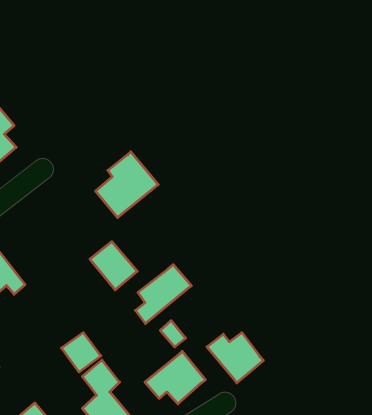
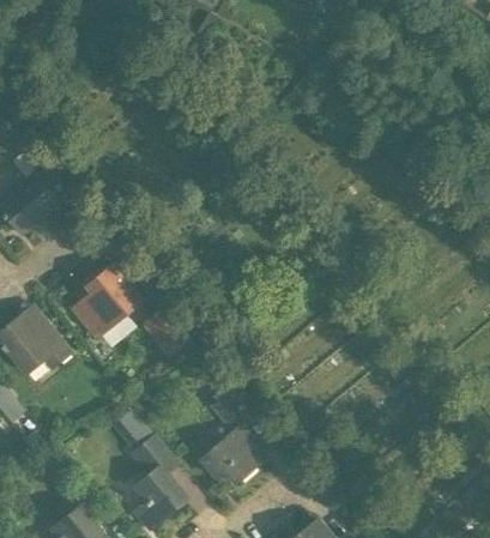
building: [96,152,158,218] -> [72,265,140,337]
building: [135,265,191,324] -> none
building: [207,333,263,383] -> none

